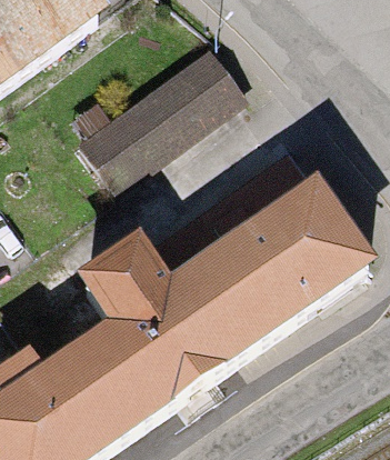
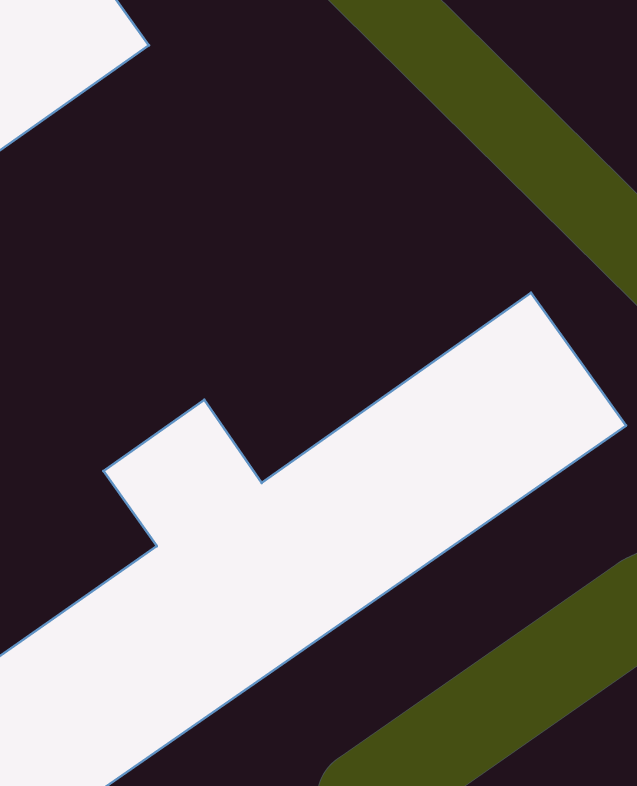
building: [77,59,241,202] -> none

